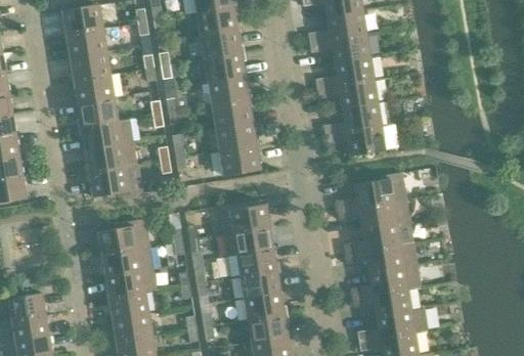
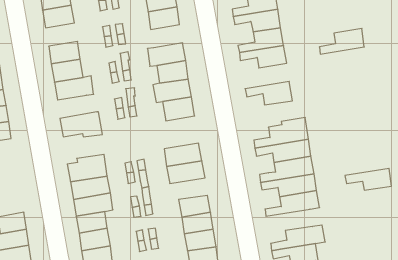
building: [71,51,112,81] -> none
building: [205,53,246,83] -> none
building: [324,102,382,135] -> [319,28,364,54]
building: [86,142,136,173] -> none
building: [229,249,277,278] -> none
building: [352,288,411,316] -> [345,168,391,190]

